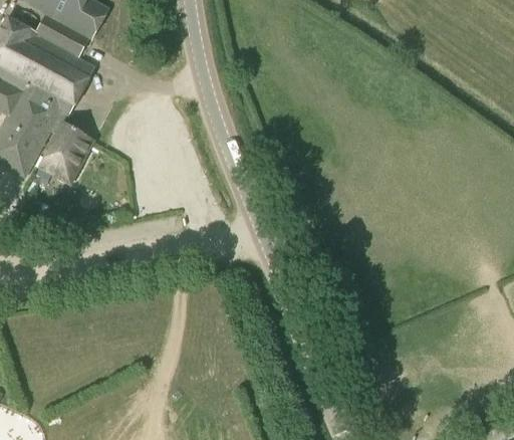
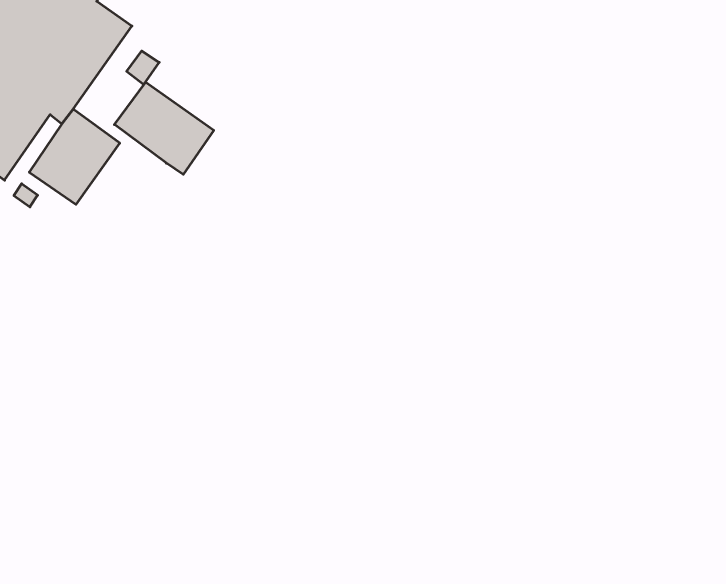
building: none -> [114,82,214,174]

